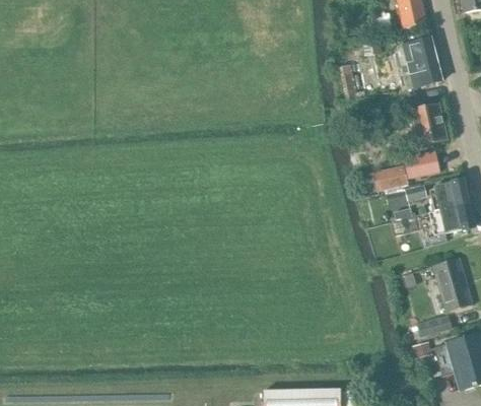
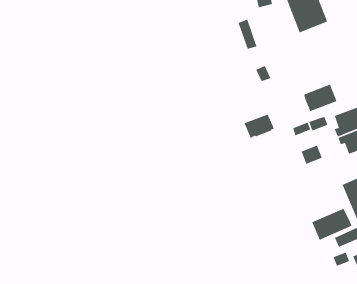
building: [409,103,446,145] -> none
building: [373,164,408,191] -> [243,113,275,139]
building: none -> [311,208,352,241]

